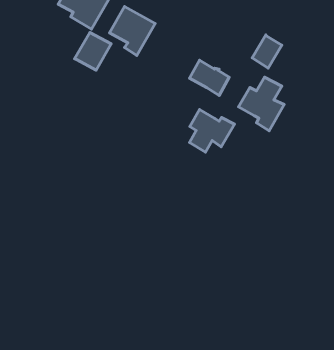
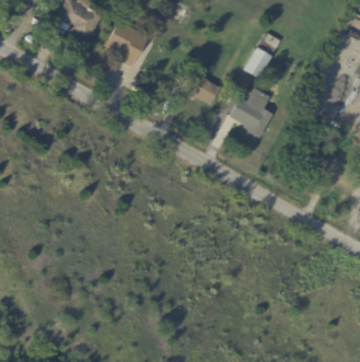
building: [75,32,111,70] -> none
building: [189,109,235,152] -> none

